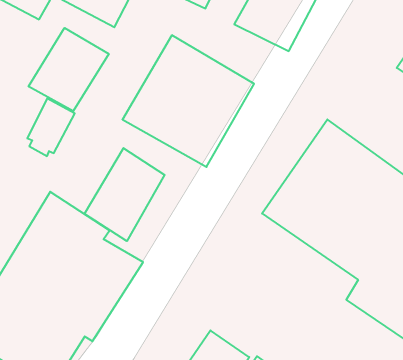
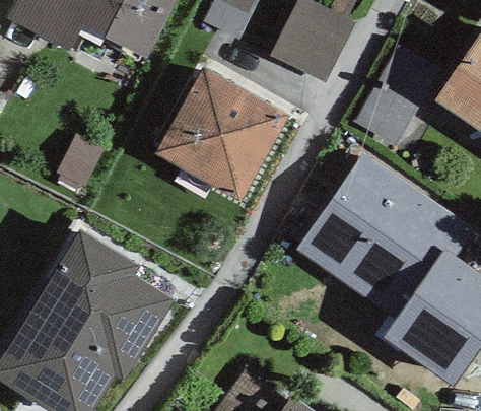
building: [29,28,109,111] -> none
building: [85,148,165,241] -> none

